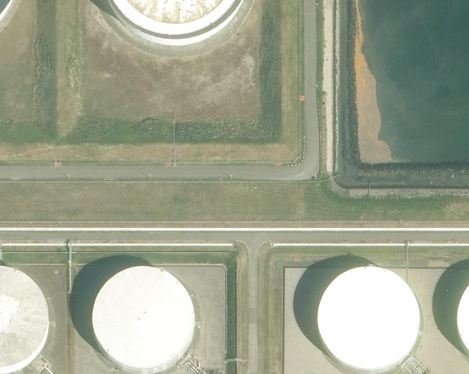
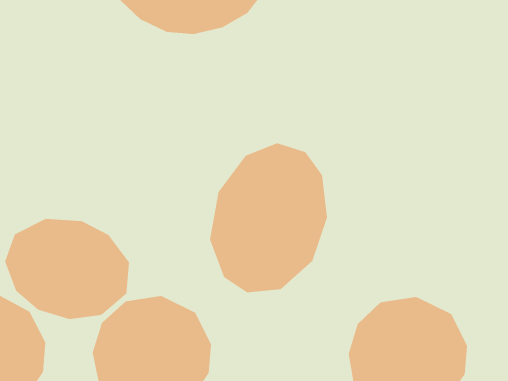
building: none -> [209,143,328,293]
building: none -> [5,218,130,320]

